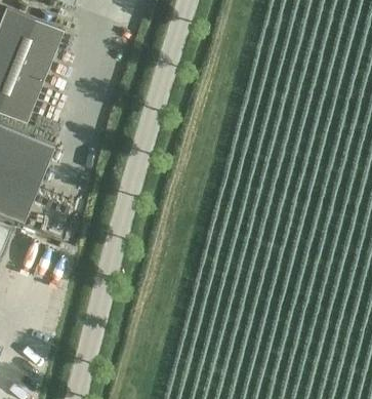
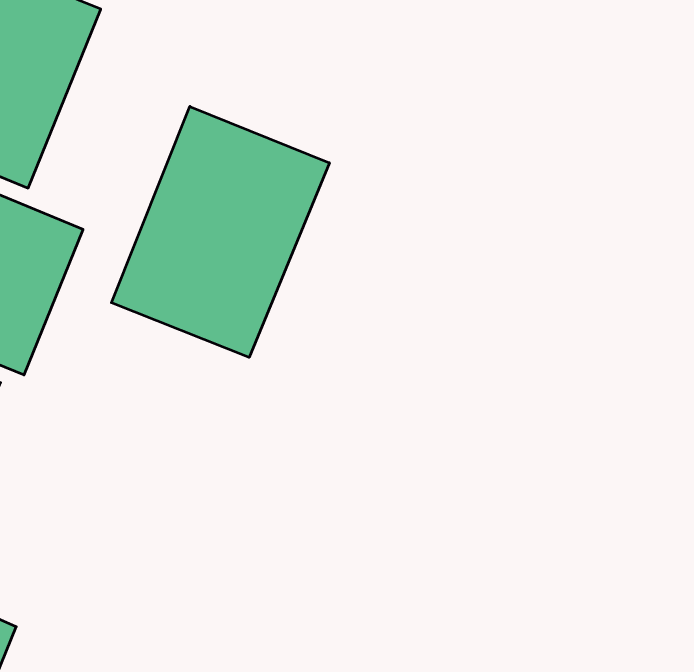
building: none -> [111,106,329,357]

